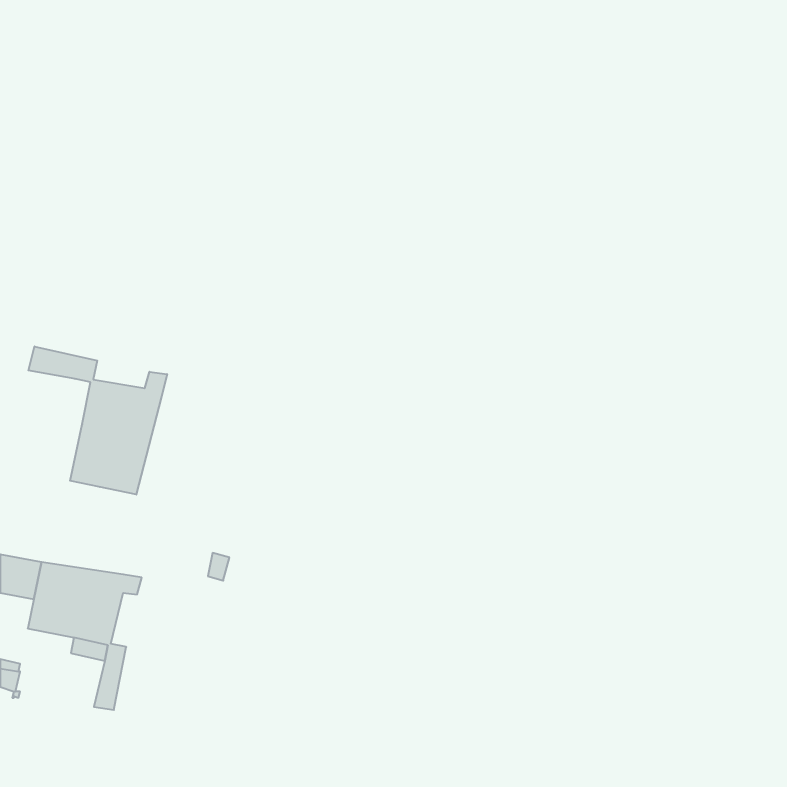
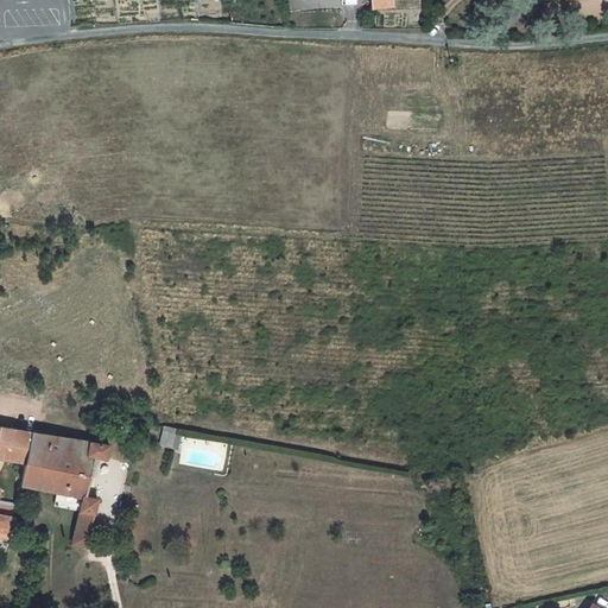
building: [28,346,167,495] -> none

